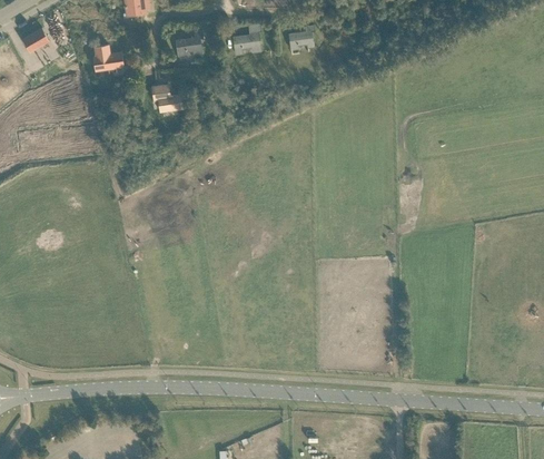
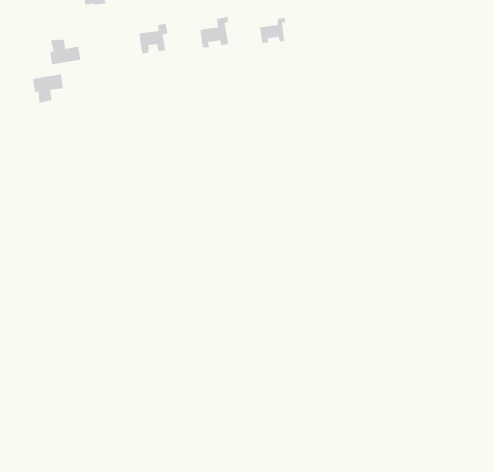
building: none -> [32,74,64,104]
building: [154,87,182,114] -> none

